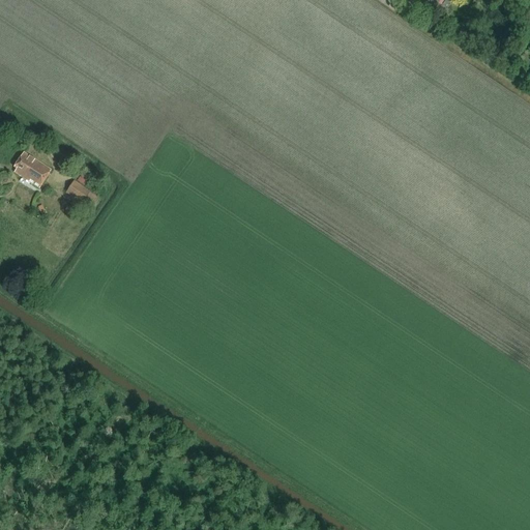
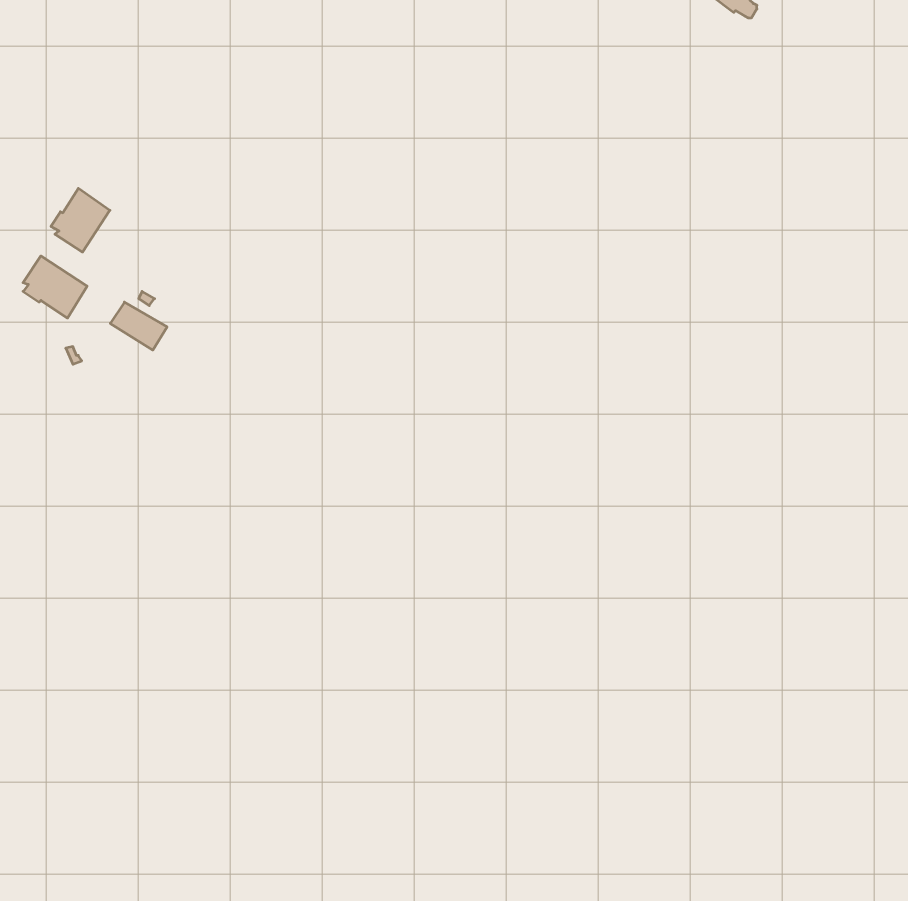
building: none -> [51,188,110,252]

